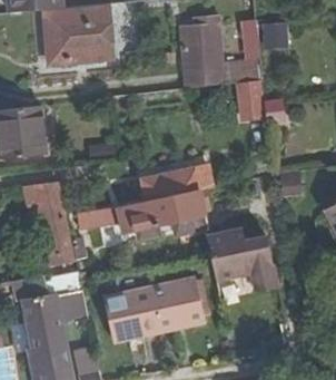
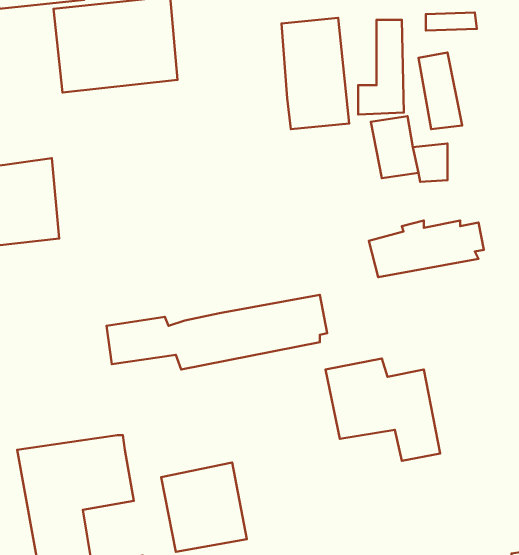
building: [138,165,208,199] -> [369,221,484,277]
building: [32,182,81,277] -> none
building: [151,283,206,338] -> none

